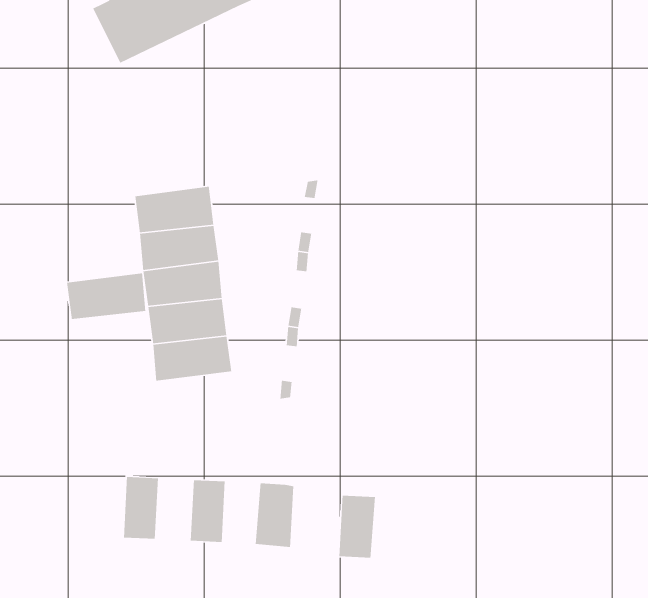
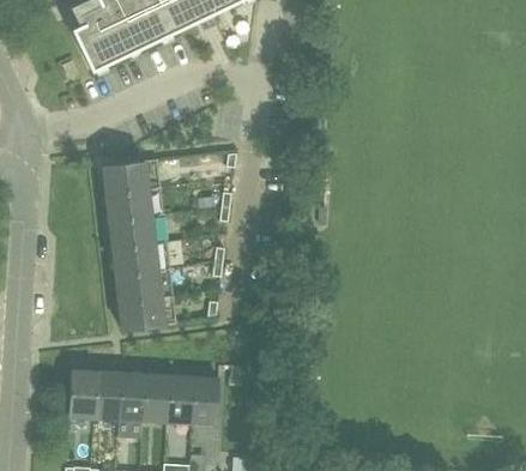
building: [66,272,146,320] -> [117,296,176,331]
building: none -> [68,370,96,418]
building: none -> [117,374,145,421]
building: [338,495,376,558] -> [167,376,194,423]

